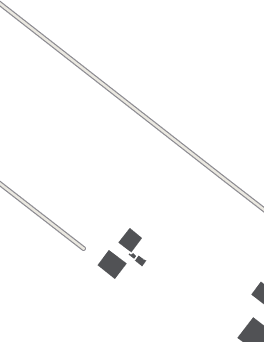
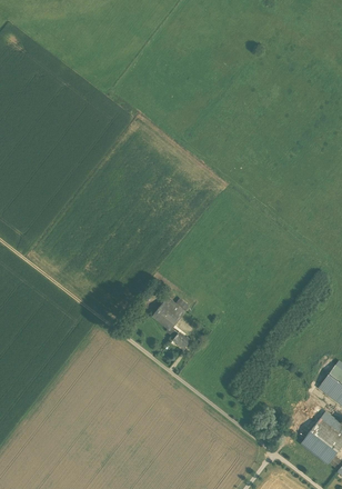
building: [97,249,128,280] -> none

